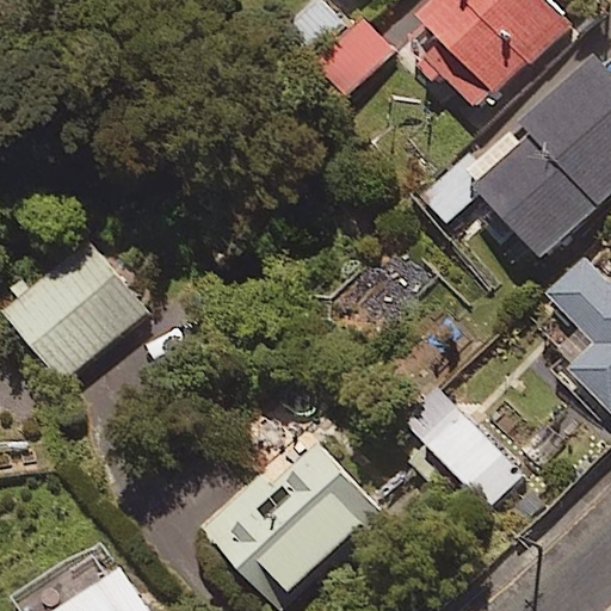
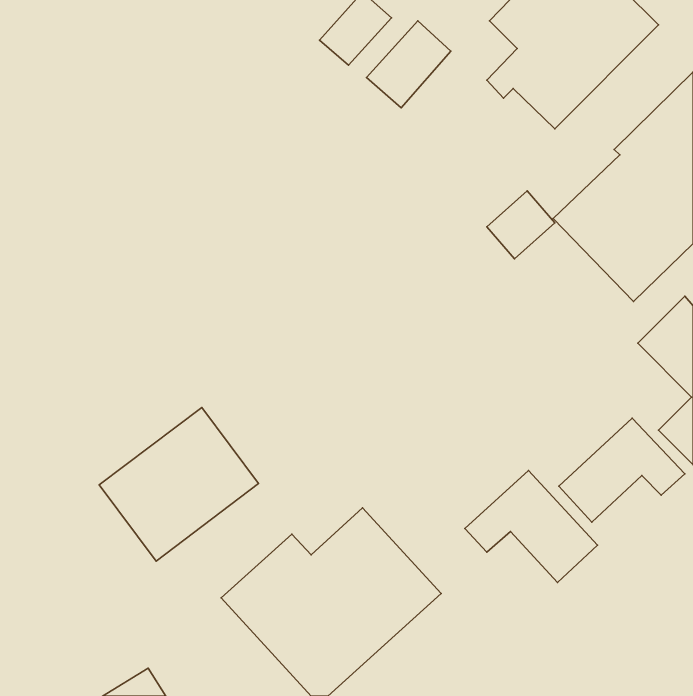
building: [8,246,146,378] -> [99,407,258,561]
building: none -> [559,418,685,522]

